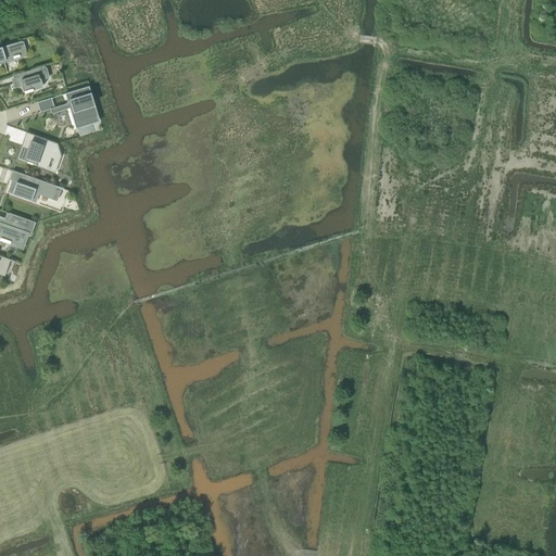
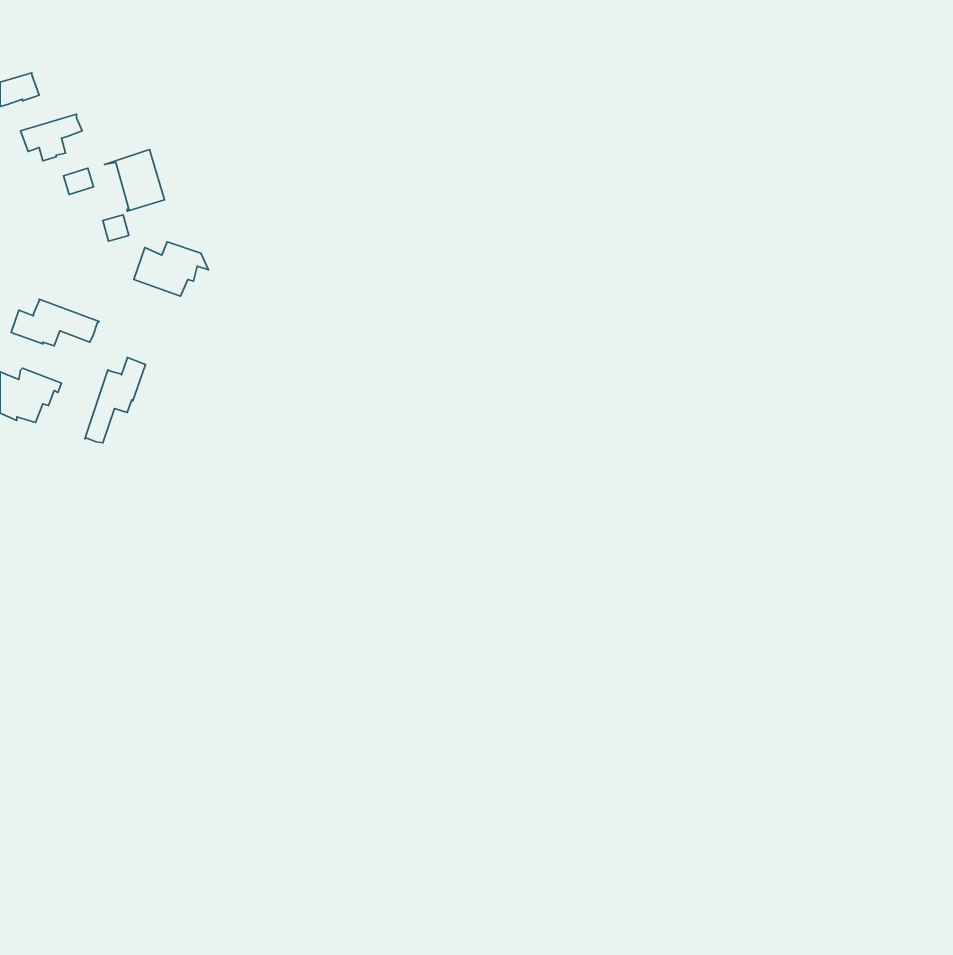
building: [21,137,64,168] -> [134,242,208,296]
building: none -> [85,358,146,443]

